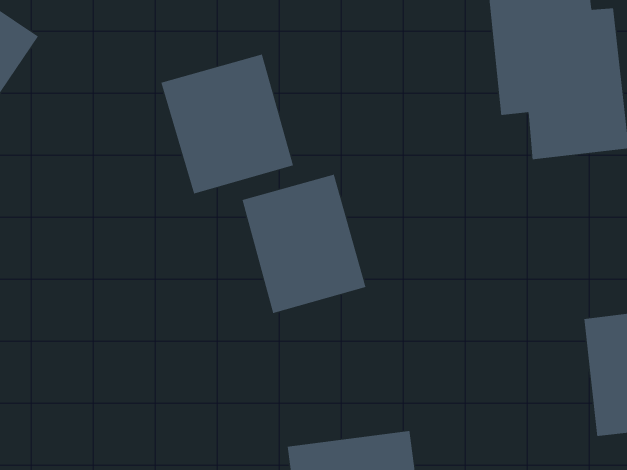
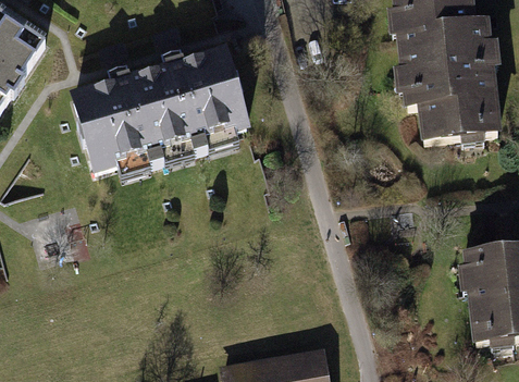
building: none -> [66,76,169,183]
building: [242,174,366,314] -> none

